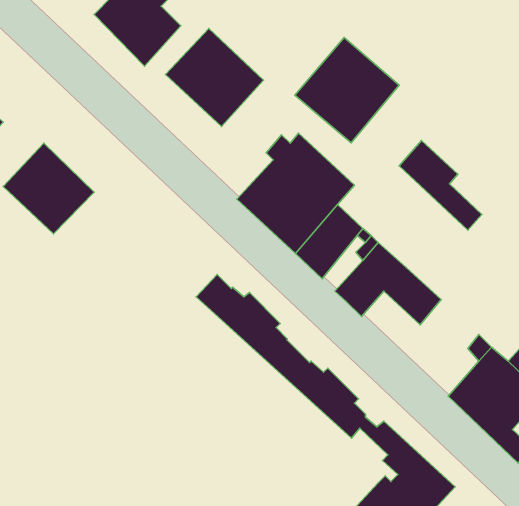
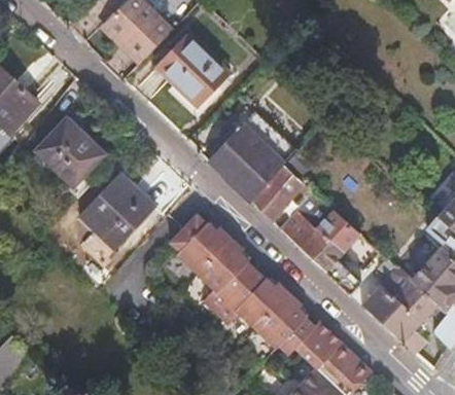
building: [295,37,399,143] -> none
building: [399,141,482,230] -> [302,228,362,294]
building: none -> [82,174,155,249]
building: none -> [170,232,328,369]

